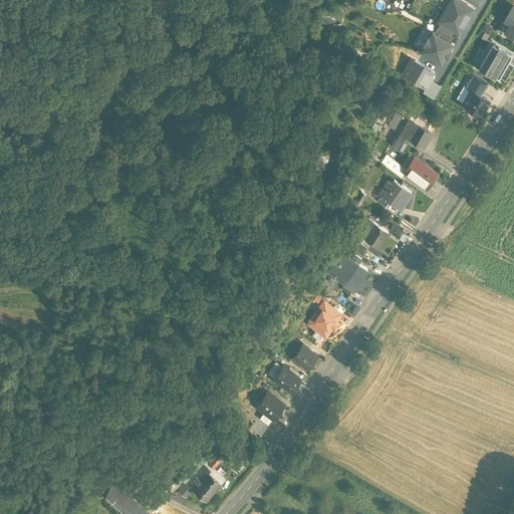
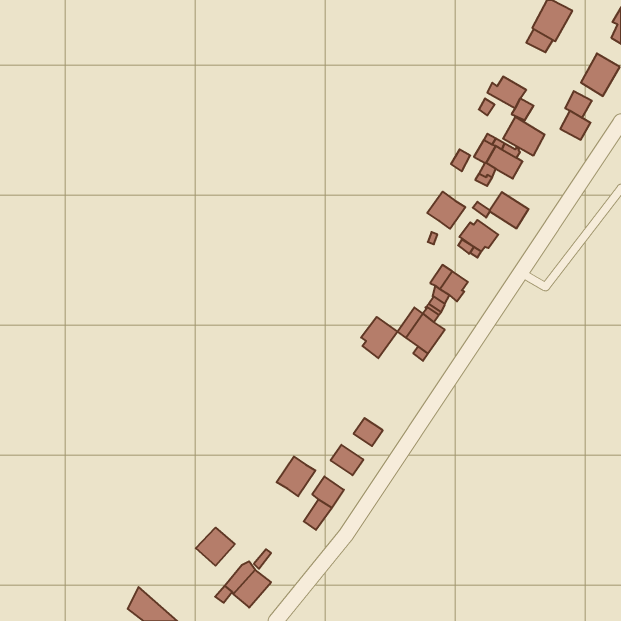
building: [422,33,452,63] -> none
building: none -> [503,117,545,156]
building: none -> [427,192,465,229]
building: [311,304,341,338] -> [361,317,398,358]
building: none -> [277,457,315,496]
building: none -> [196,528,235,566]

